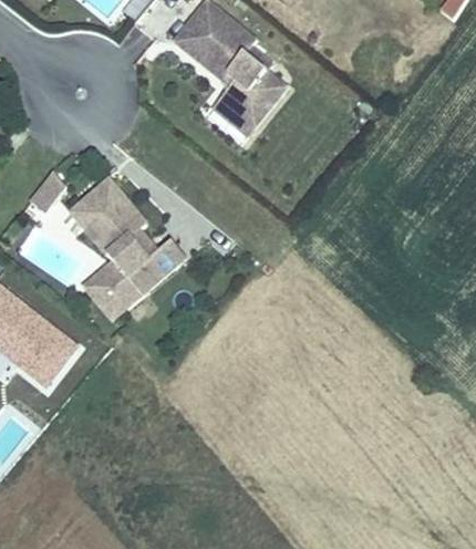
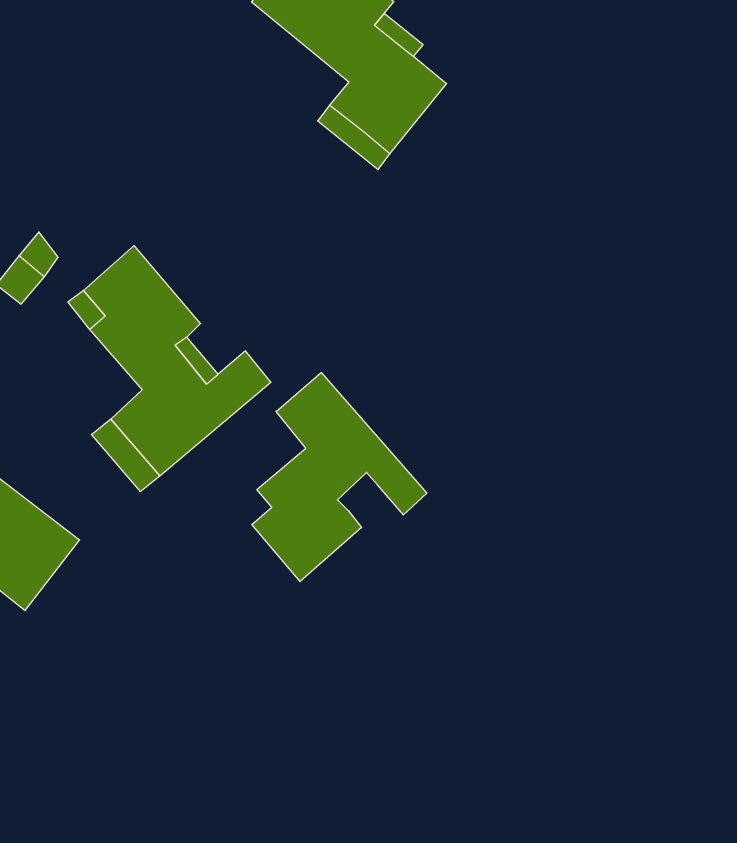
building: none -> [252,373,427,582]

